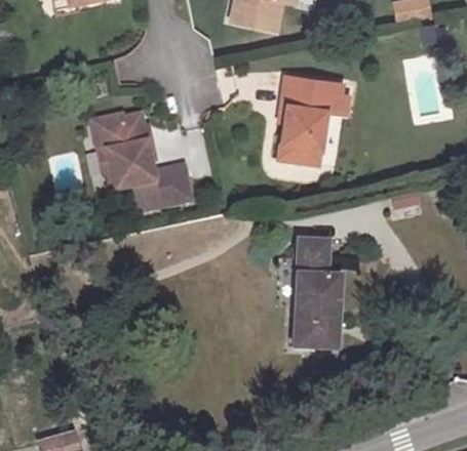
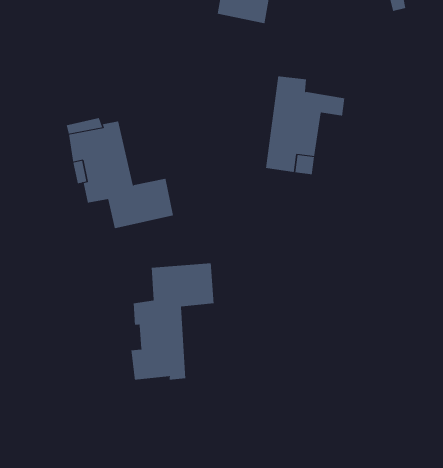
building: [297,244,338,353] -> none
building: none -> [131,263,214,381]

